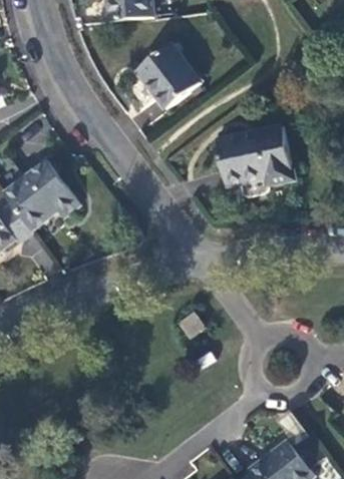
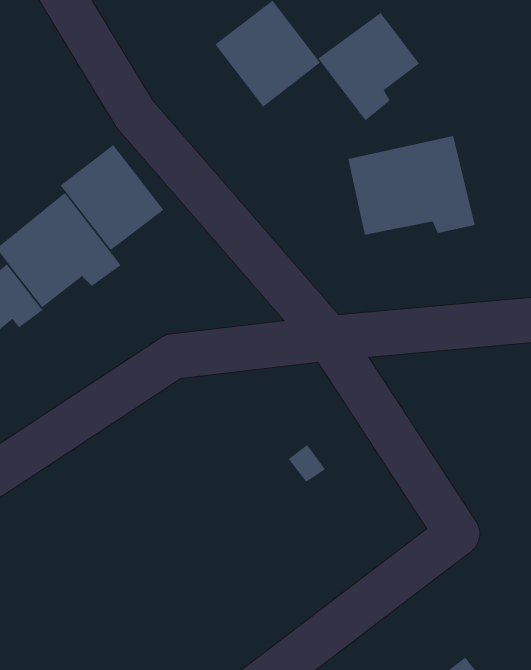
building: none -> [317,12,420,121]
building: none -> [60,144,164,251]

